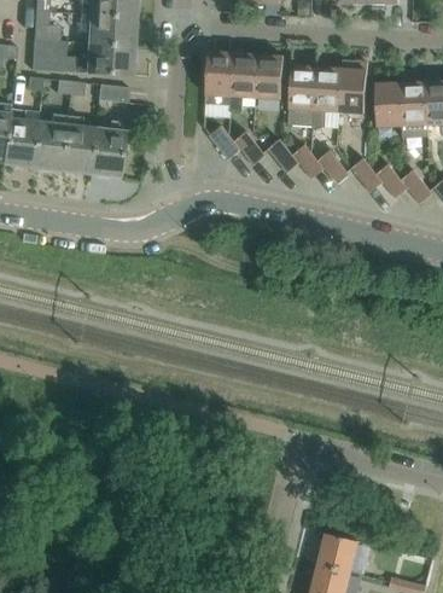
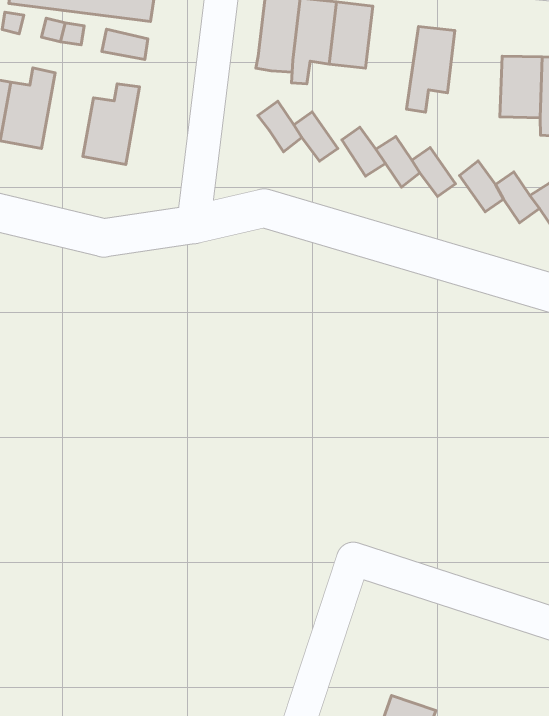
building: [338,62,366,114] -> none
building: [287,66,315,126] -> none
building: [59,116,93,173] -> none

